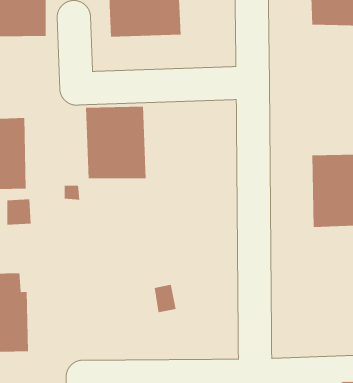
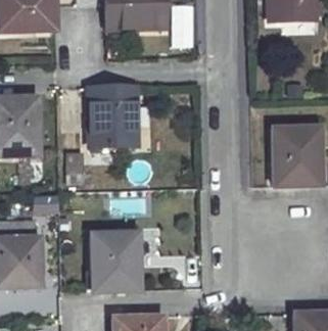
building: none -> [92,233,140,291]

